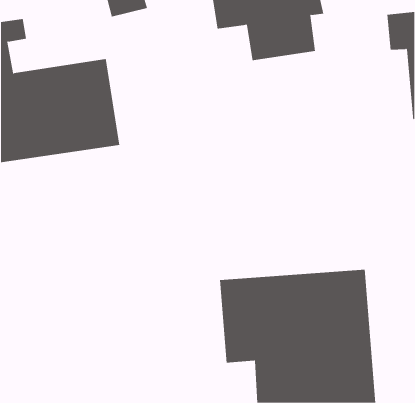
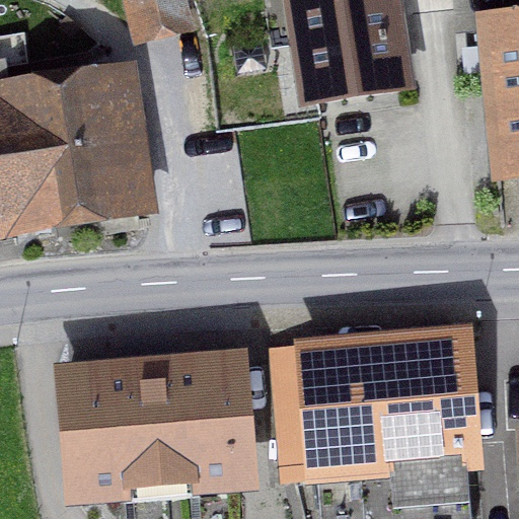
building: none -> [67,353,245,479]

